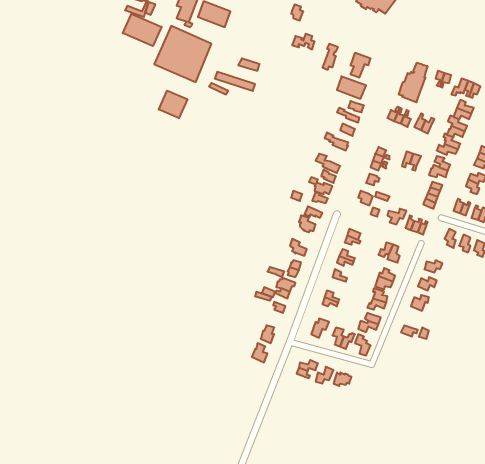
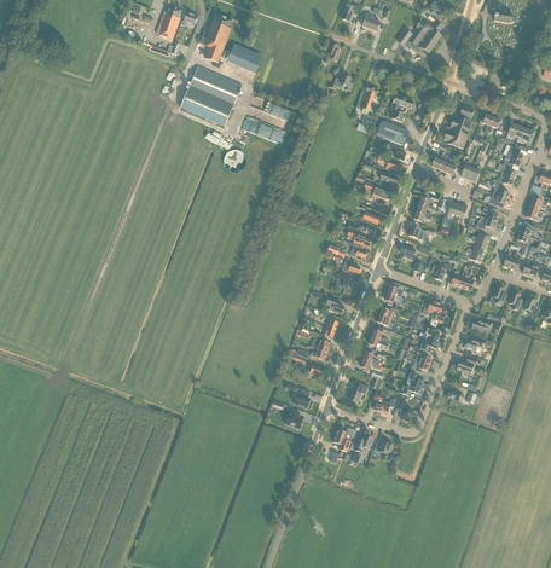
building: [123,14,162,46] -> none
building: [159,91,187,118] -> none

